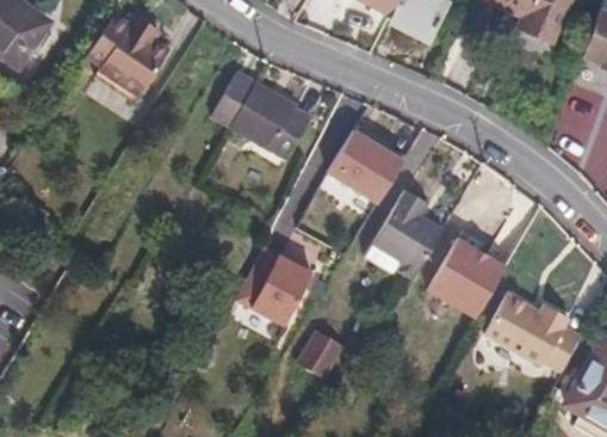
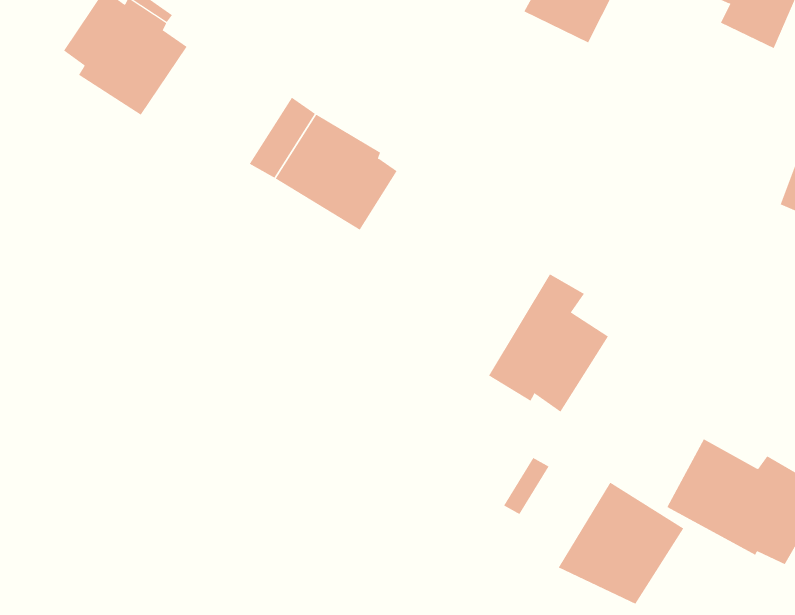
building: [328,129,405,202] -> none
building: [429,239,510,318] -> [558,482,684,605]
building: [235,246,309,324] -> none
building: [297,331,342,381] -> none

